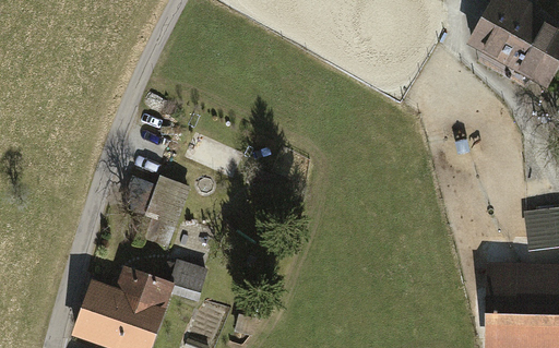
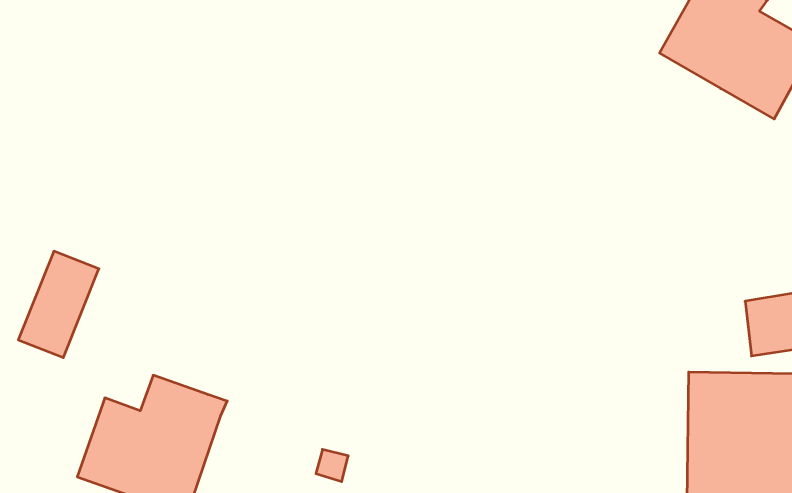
building: [136,175,191,247] -> [18,251,99,358]
building: [162,259,207,301] -> none

